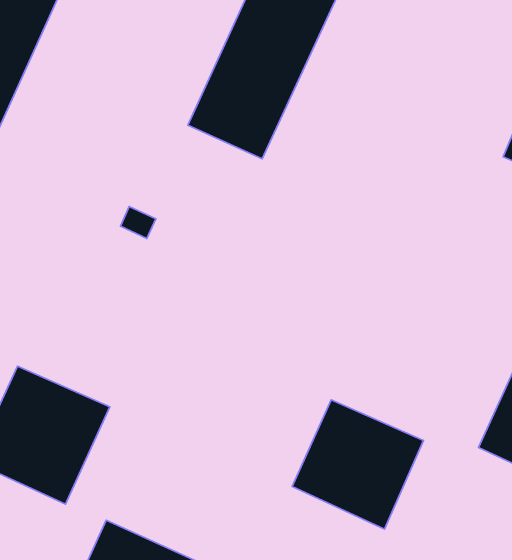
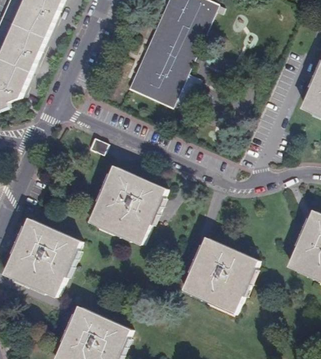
building: none -> [90,169,166,247]

